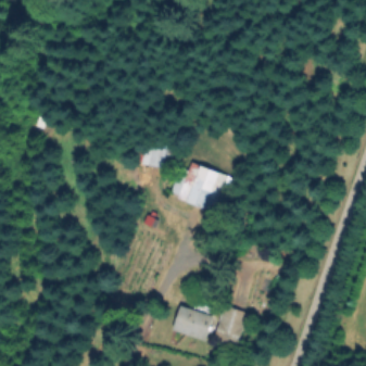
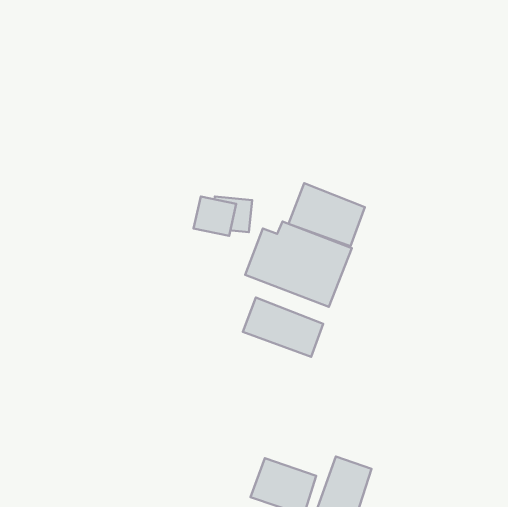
building: none -> [288,183,365,246]
building: none -> [243,298,323,357]

